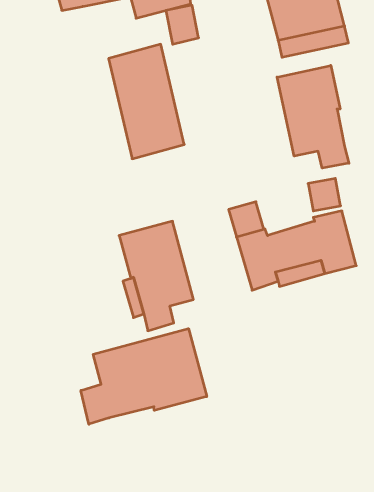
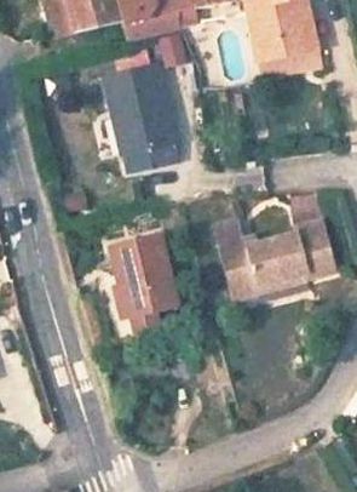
building: [277,65,349,168] -> none
building: [81,329,207,424] -> none

